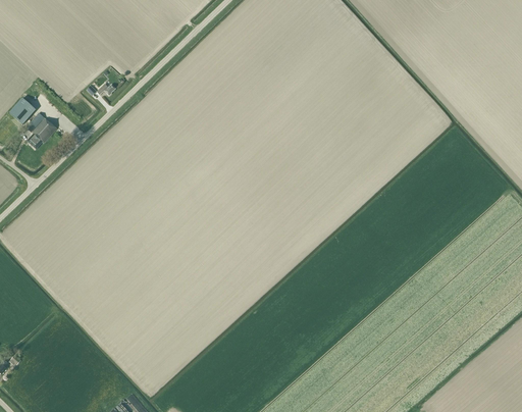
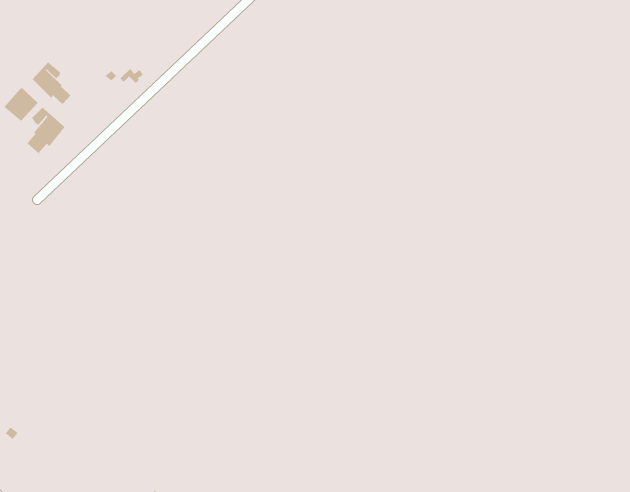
building: none -> [32,62,71,105]

